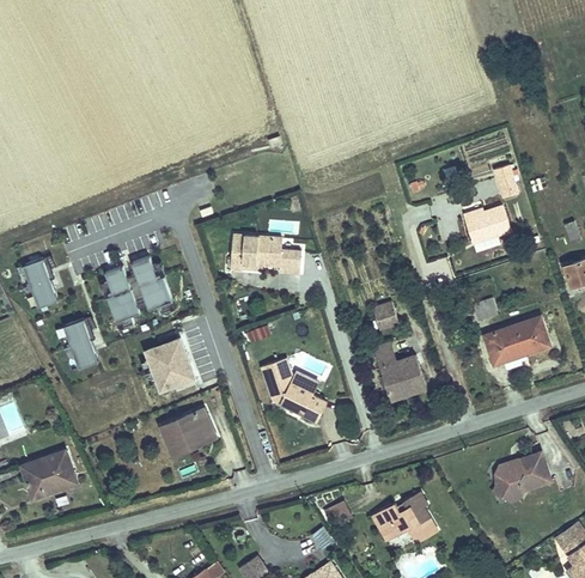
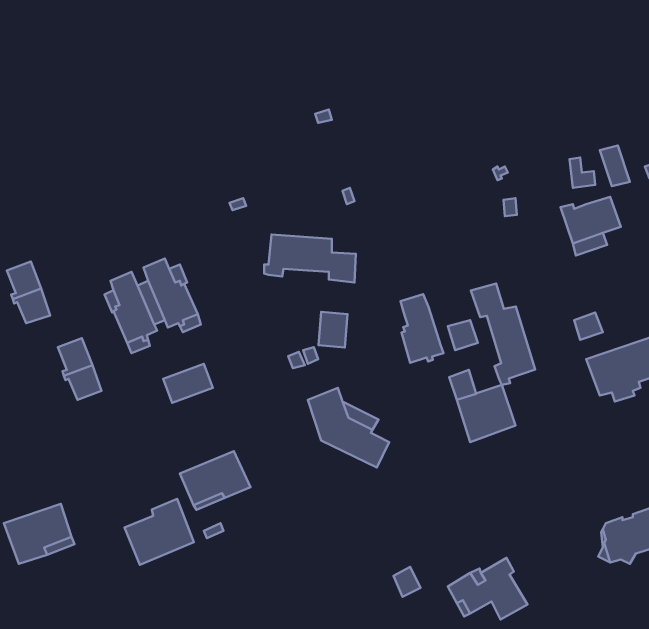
building: none -> [471,284,535,385]
building: none -> [400,294,444,363]
building: none -> [318,312,348,347]
building: [154,358,194,389] -> none
building: none -> [125,499,194,565]

